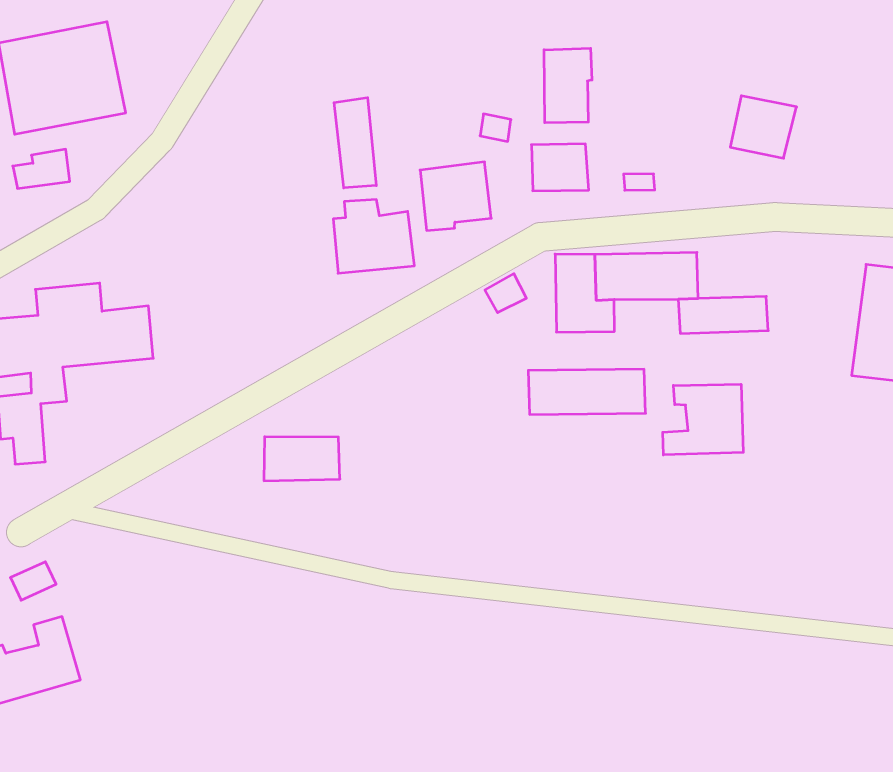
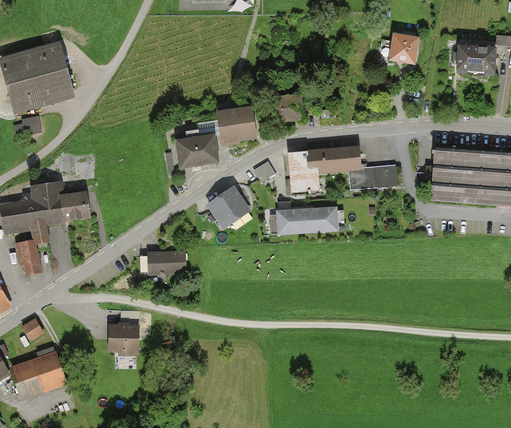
building: [544,48,592,123] -> none
building: [730,96,797,158] -> [394,34,426,64]
building: [334,98,376,188] -> none
building: none -> [205,185,249,228]
building: [663,384,743,455] -> none
building: none -> [109,327,143,351]

